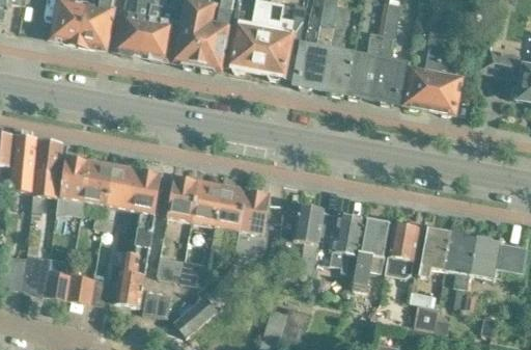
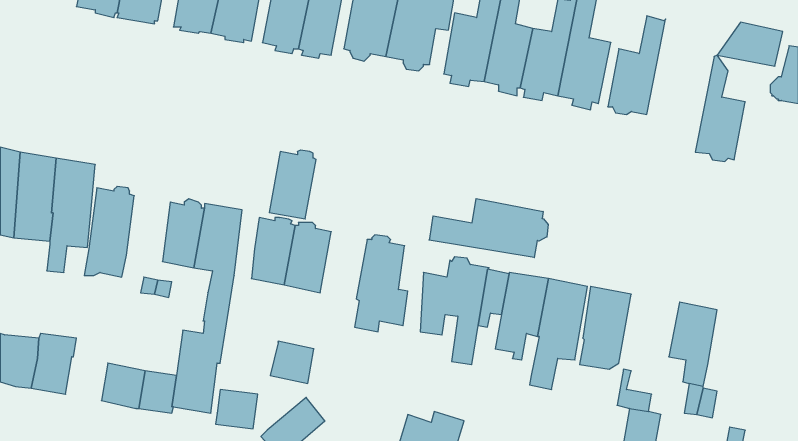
building: [429,45,463,115] -> [695,55,745,161]
building: [84,160,113,207] -> none
building: none -> [429,199,548,258]
building: [213,186,244,232] -> [269,150,316,219]
building: [418,230,451,278] -> none
building: [470,239,523,279] -> none
building: [157,257,185,282] -> none
building: [44,270,72,299] -> none

